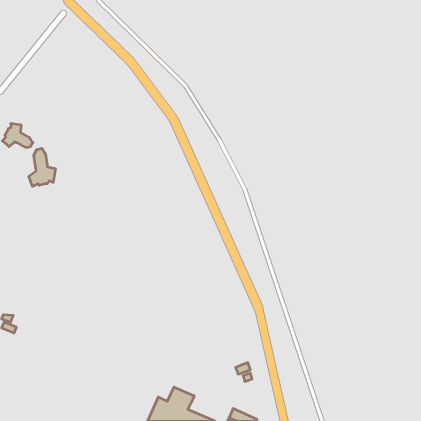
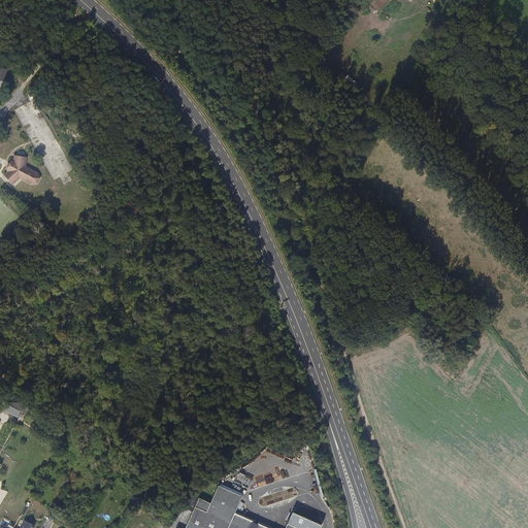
building: [29,148,55,186] -> none

